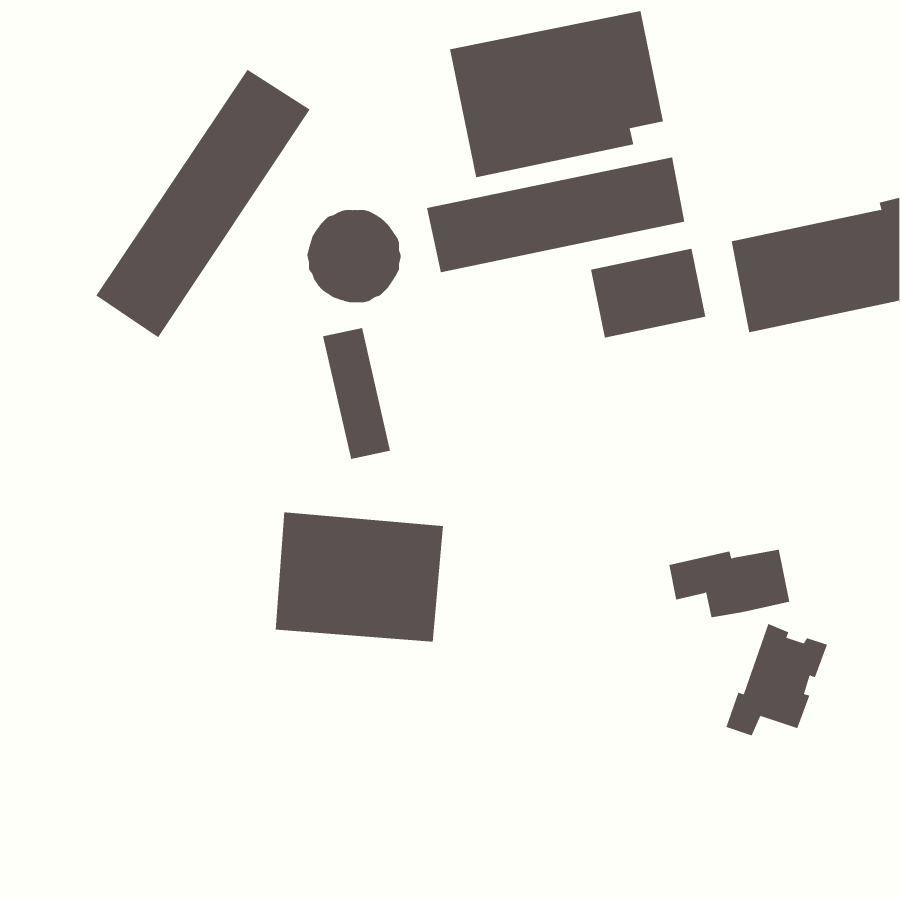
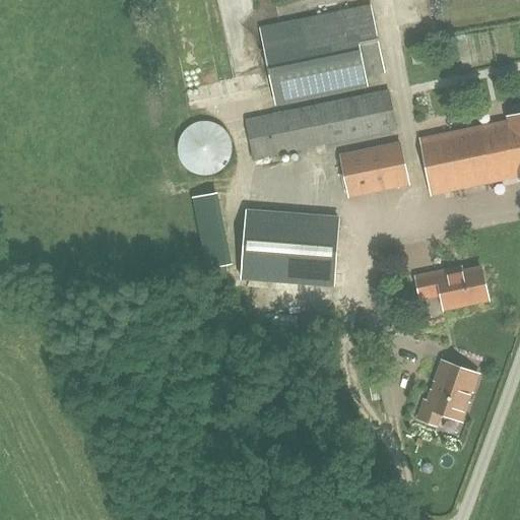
building: [96,69,311,338] -> none
building: [275,512,444,642] -> [241,209,338,284]
building: [669,549,790,618] -> [416,268,486,308]

